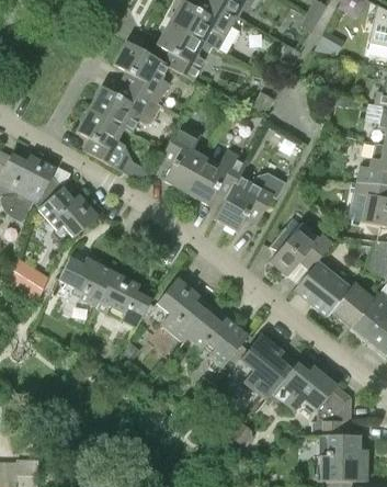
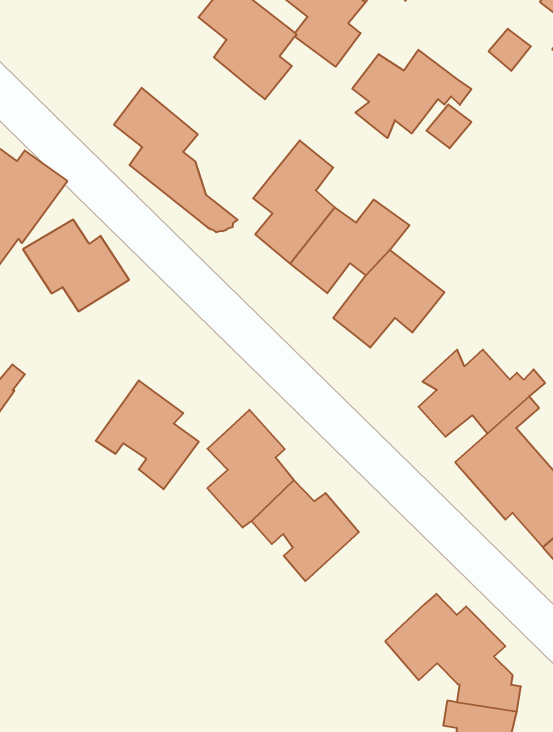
building: none -> [352,50,471,138]
building: [89,84,150,128] -> none
building: [57,257,113,307] -> none
building: [230,333,291,399] -> none

